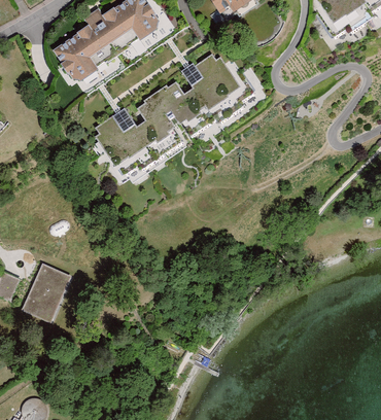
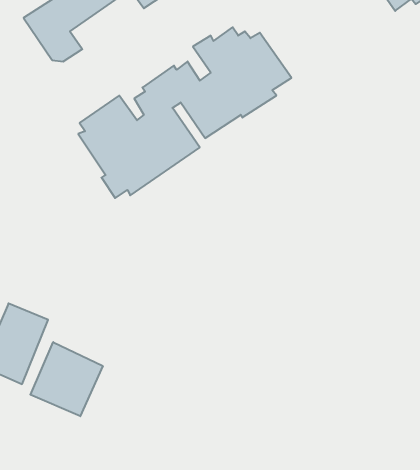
building: none -> [30,342,103,416]

